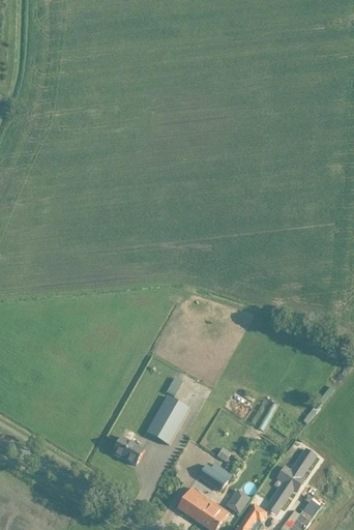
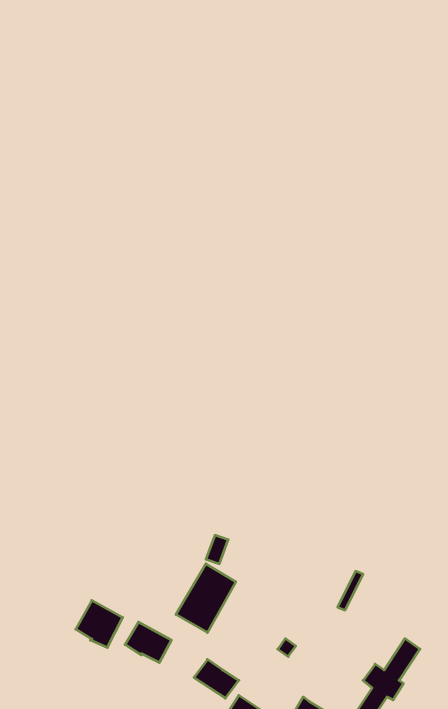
building: none -> [76,600,123,648]
building: [198,463,229,490] -> [194,659,239,698]

